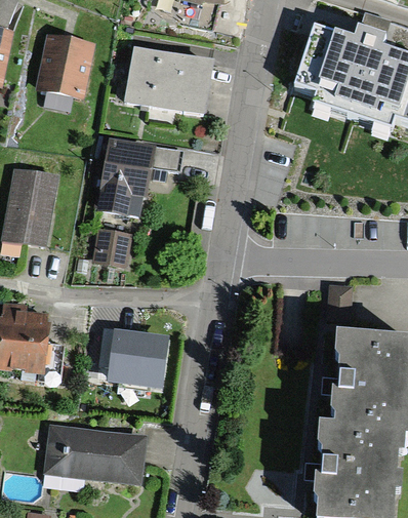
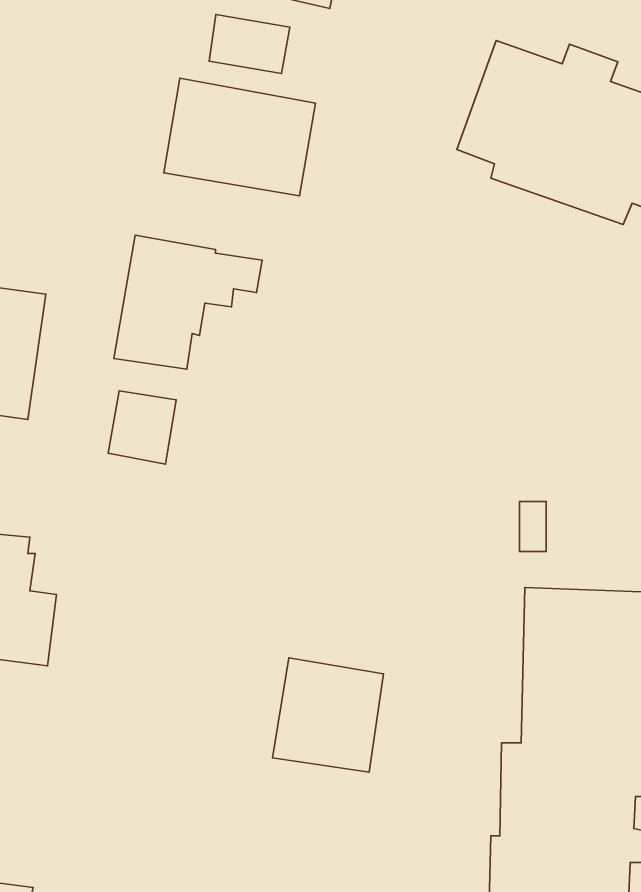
building: none -> [209,14,290,73]
building: [39,33,91,94] -> none
building: [106,324,169,390] -> [273,658,383,772]
building: [44,422,144,483] -> none

